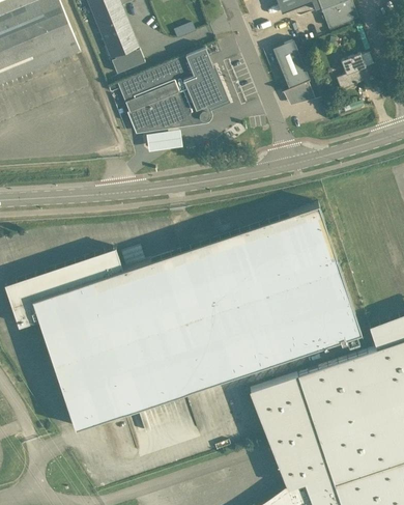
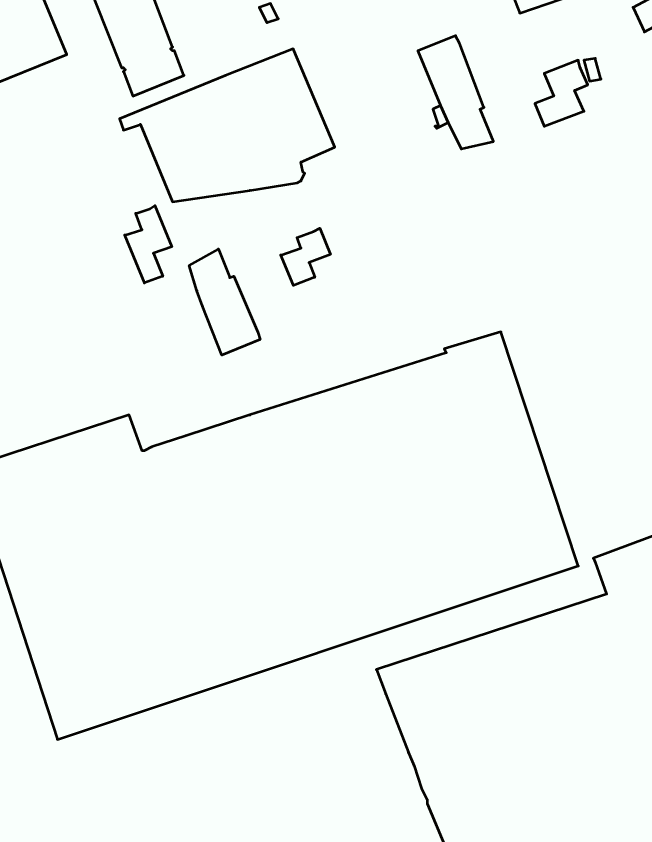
building: none -> [125,206,172,283]
building: none -> [281,228,330,285]
building: none -> [189,249,260,355]

